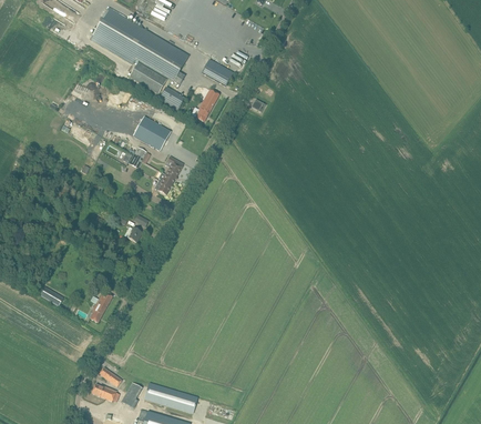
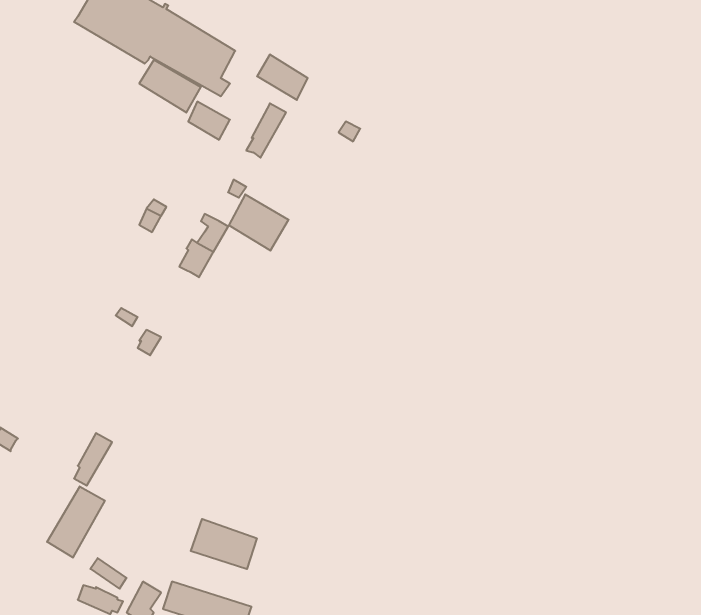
building: [134,115,171,150] -> [229,194,289,251]
building: none -> [47,486,105,558]
building: none -> [191,519,257,569]

